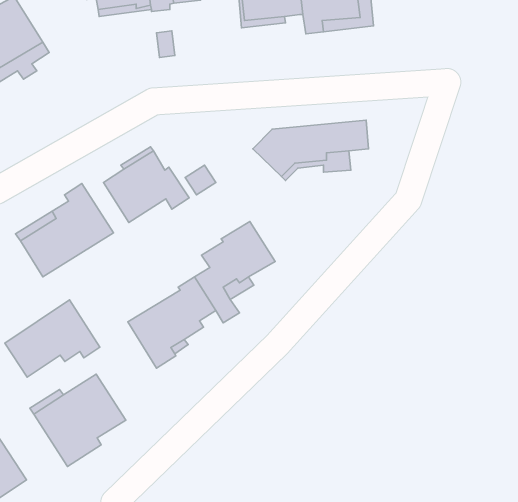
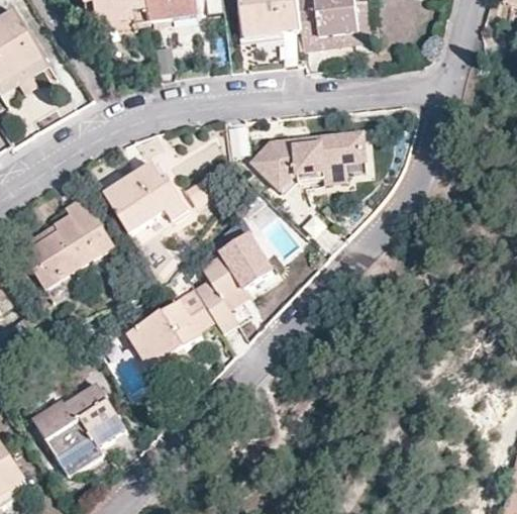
building: [5,300,100,377] -> none

